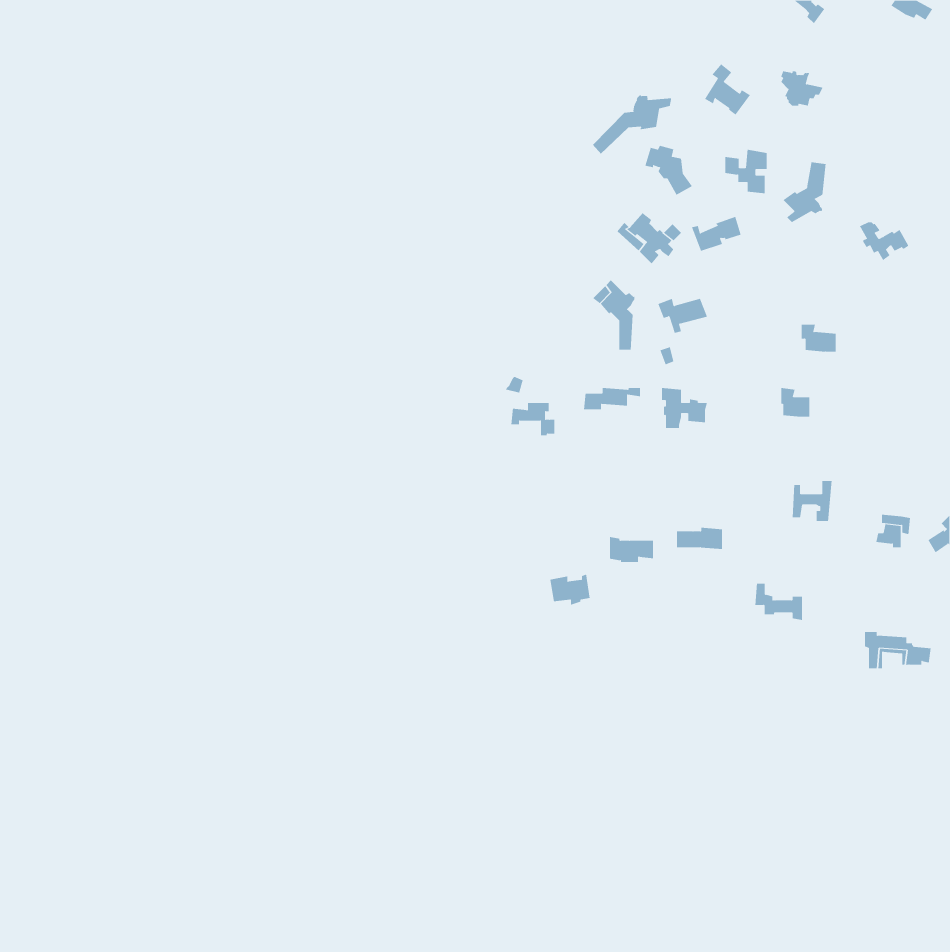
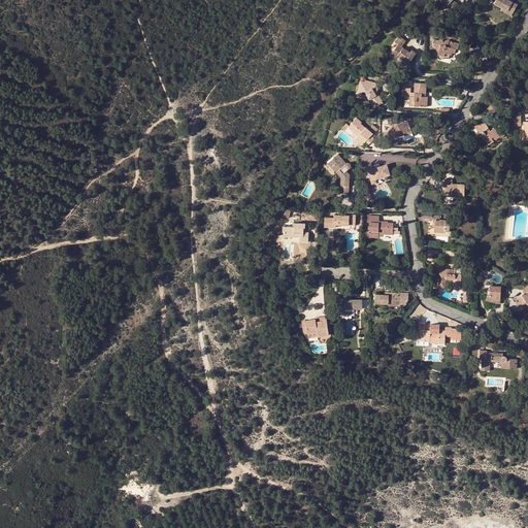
building: [592,94,672,155] -> none
building: [783,161,826,223] -> none

